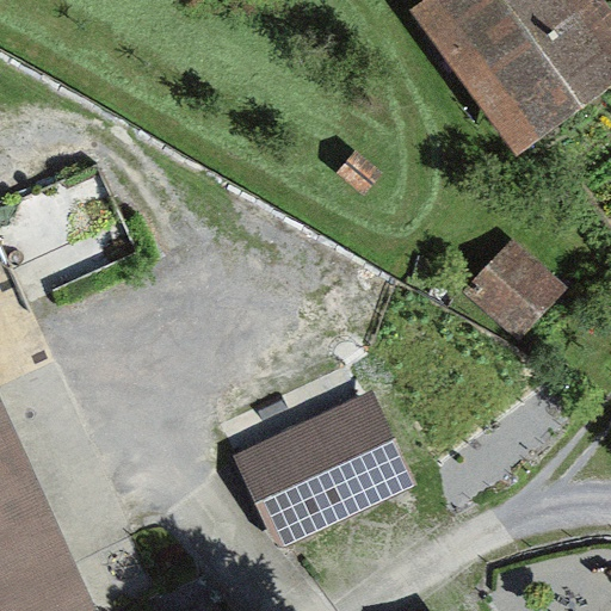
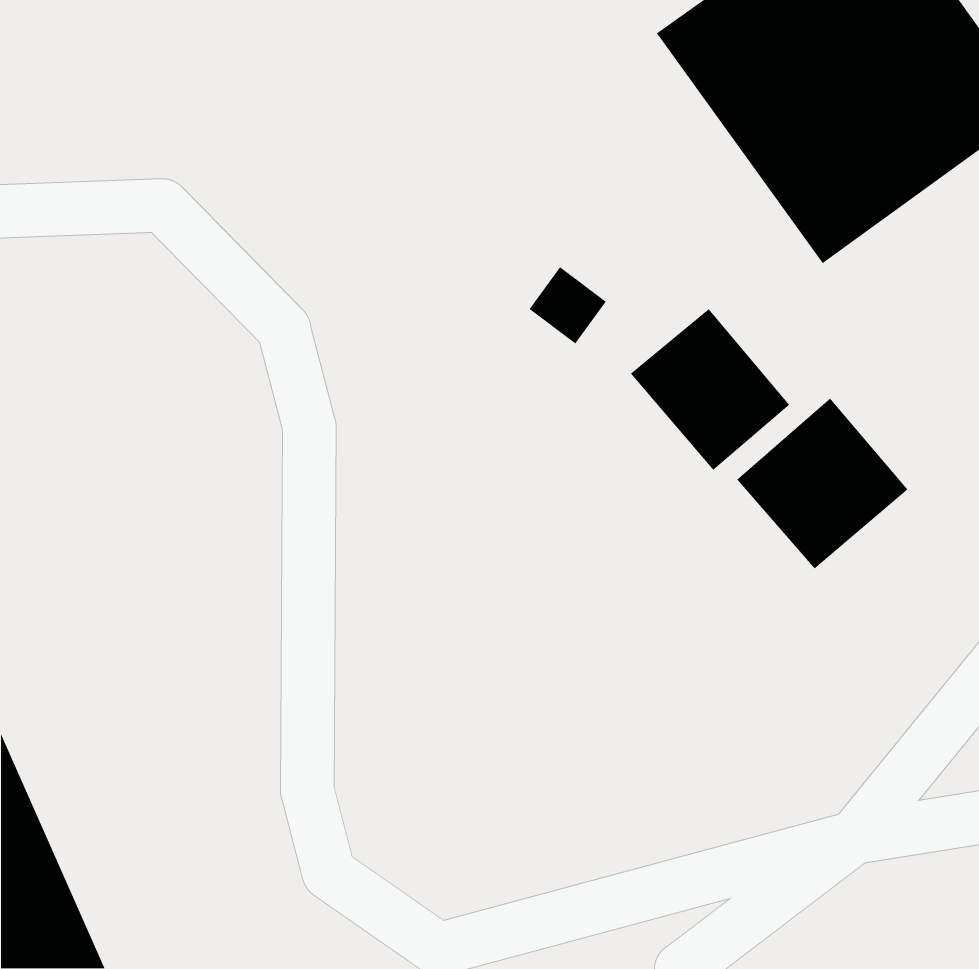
building: none -> [630,308,790,471]
building: [235,401,419,563] -> none

